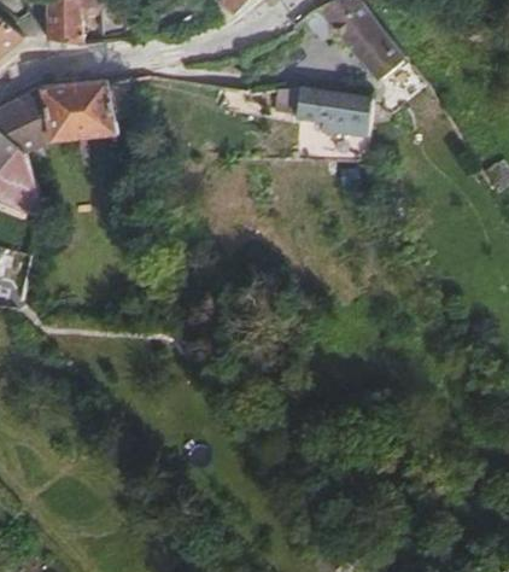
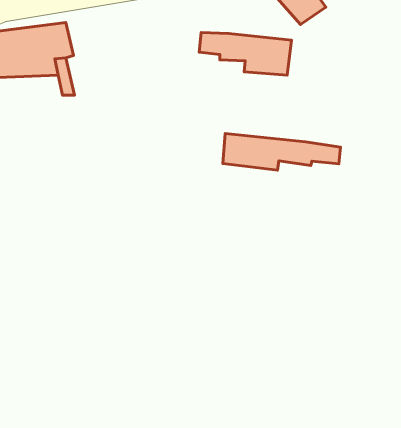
building: none -> [223,134,340,170]

